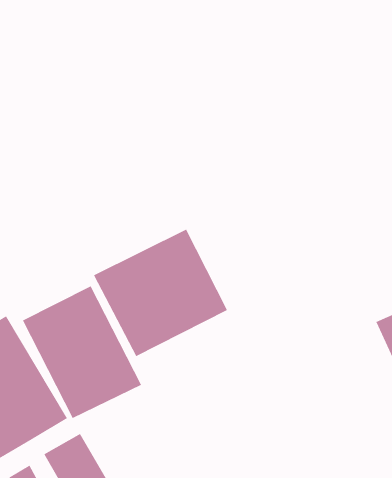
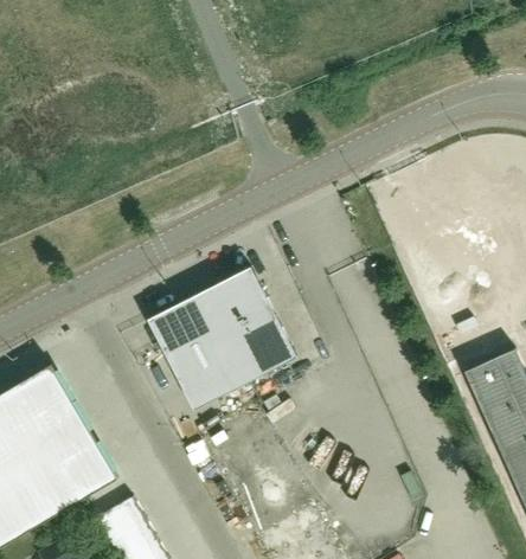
building: [22,286,142,419] -> none

